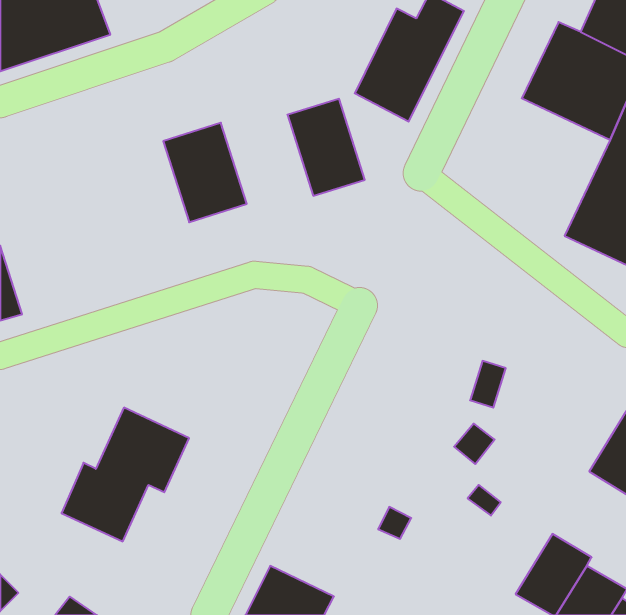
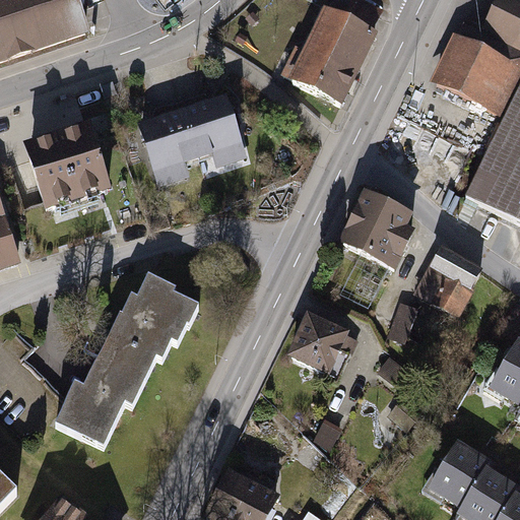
building: [287,99,365,196] -> [184,88,248,169]
building: none -> [18,120,109,210]
building: none -> [335,189,418,271]
building: none -> [412,246,480,316]
building: none -> [104,273,197,363]
building: none -> [285,311,358,380]

